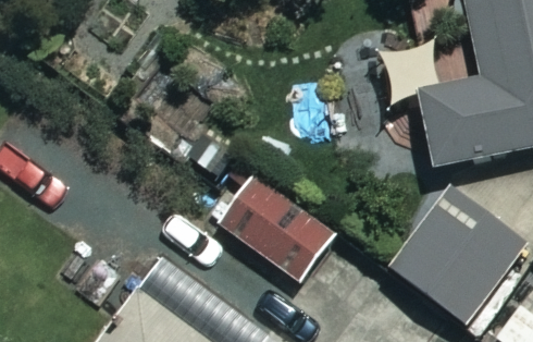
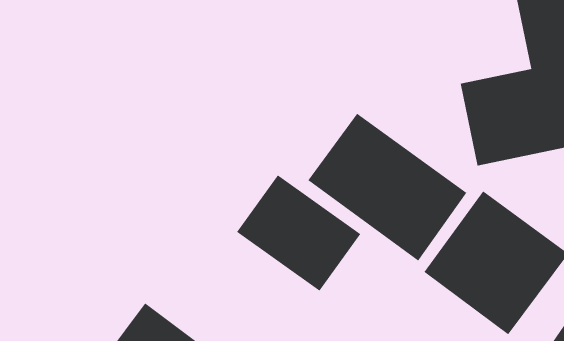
building: none -> [307,113,467,262]

